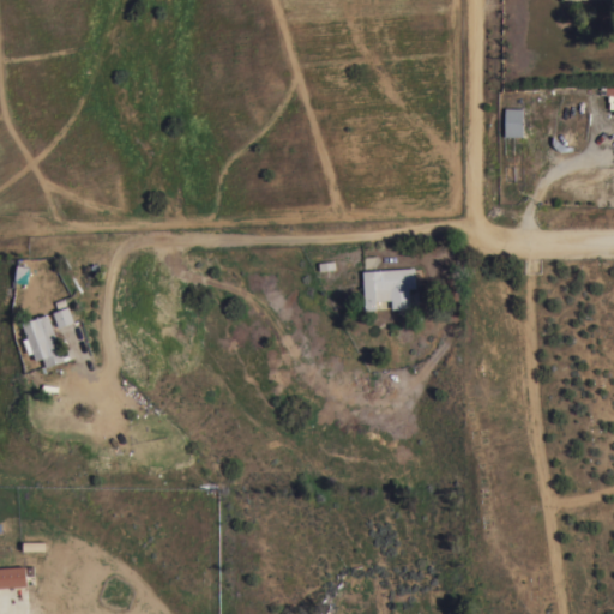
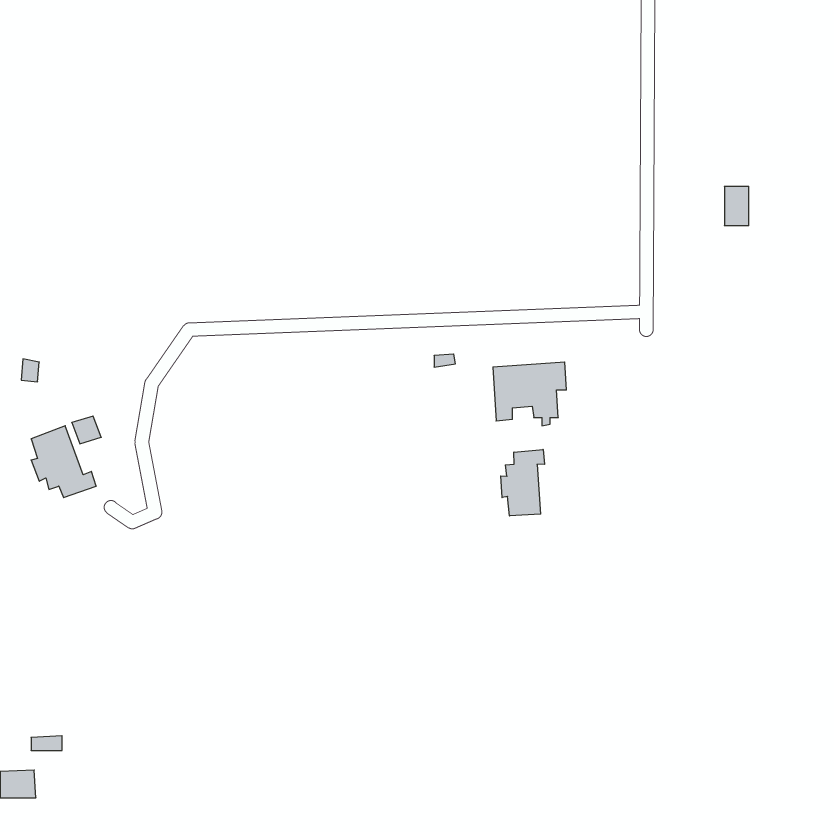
building: [505,108,523,137] -> [724,186,749,226]
building: none -> [501,449,545,516]

